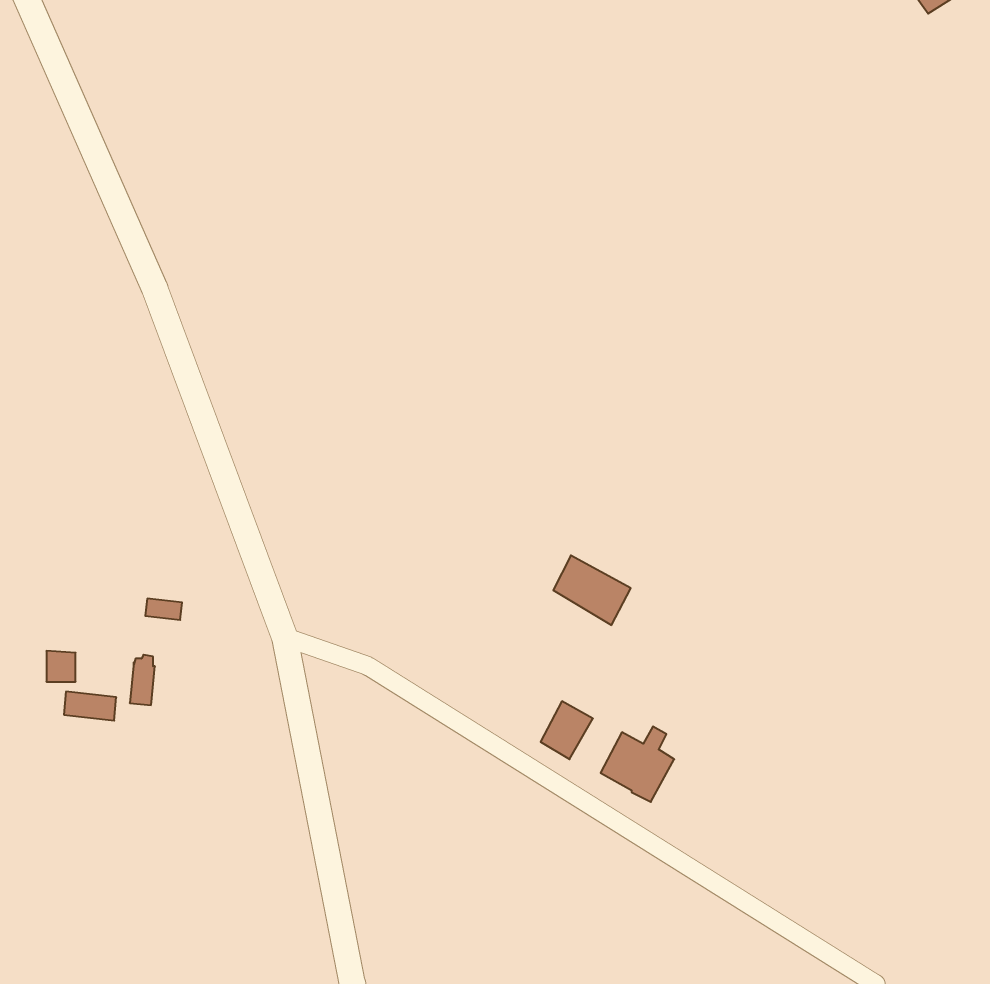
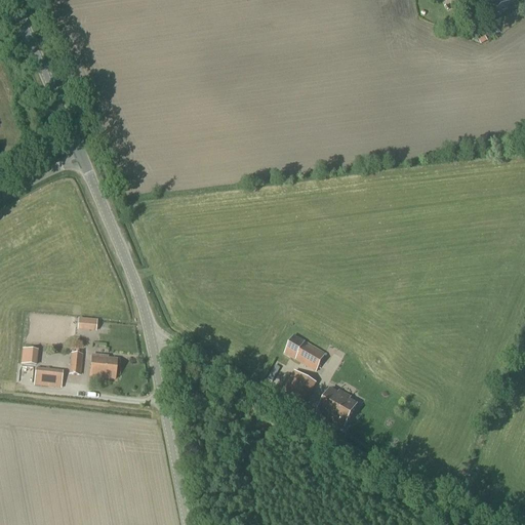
building: [553,555,631,625] -> [284,333,325,370]
building: none -> [89,354,116,377]

